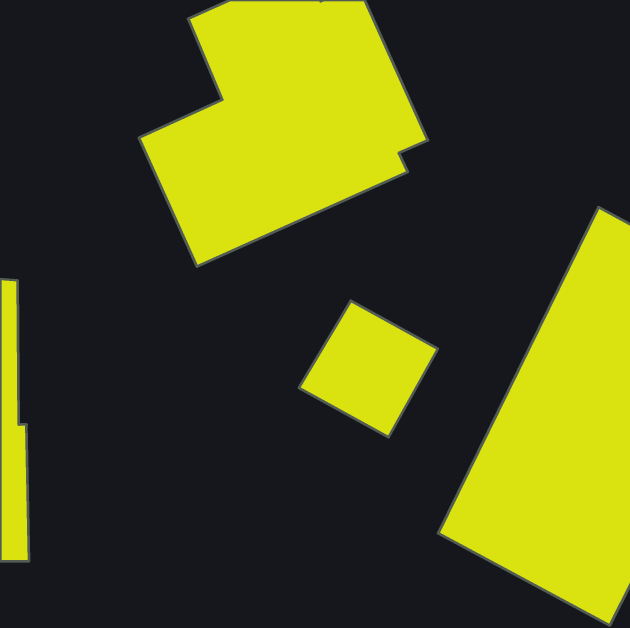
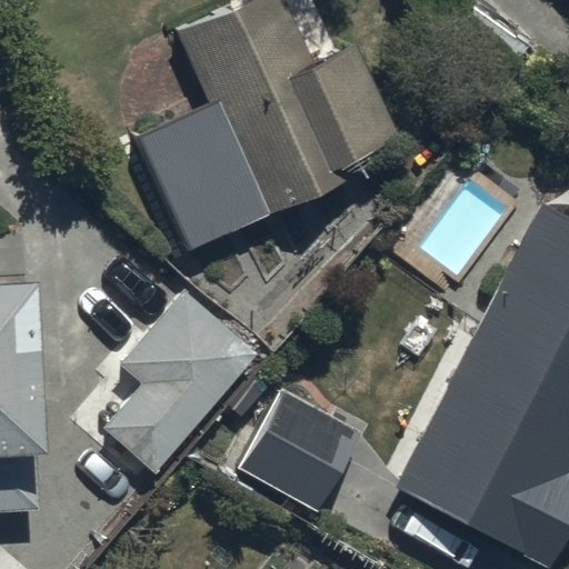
building: [299,301,438,437] -> [240,392,362,512]
building: none -> [106,291,260,472]

